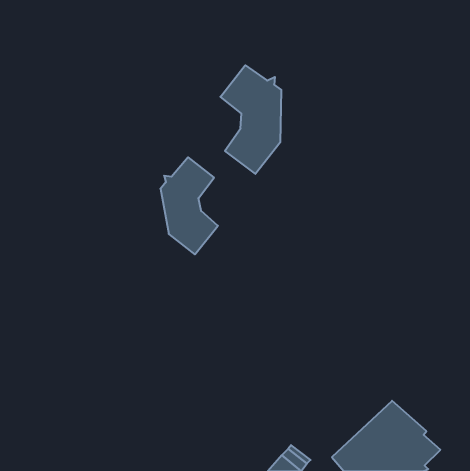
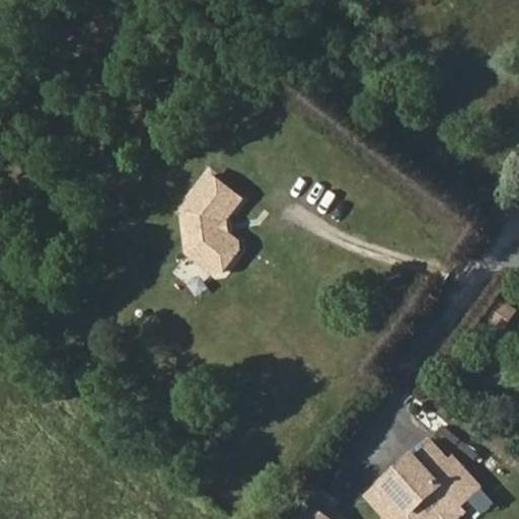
building: [220,65,281,174] -> none

